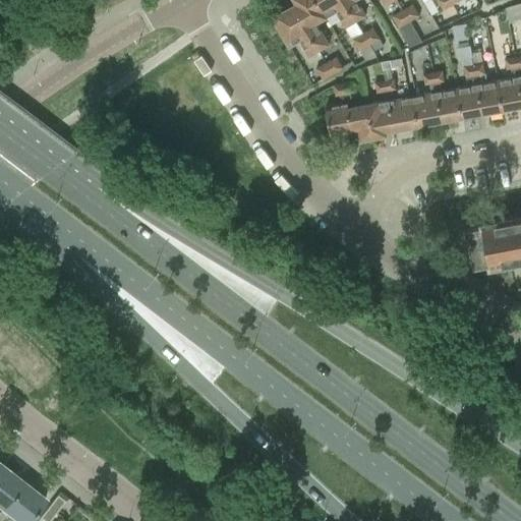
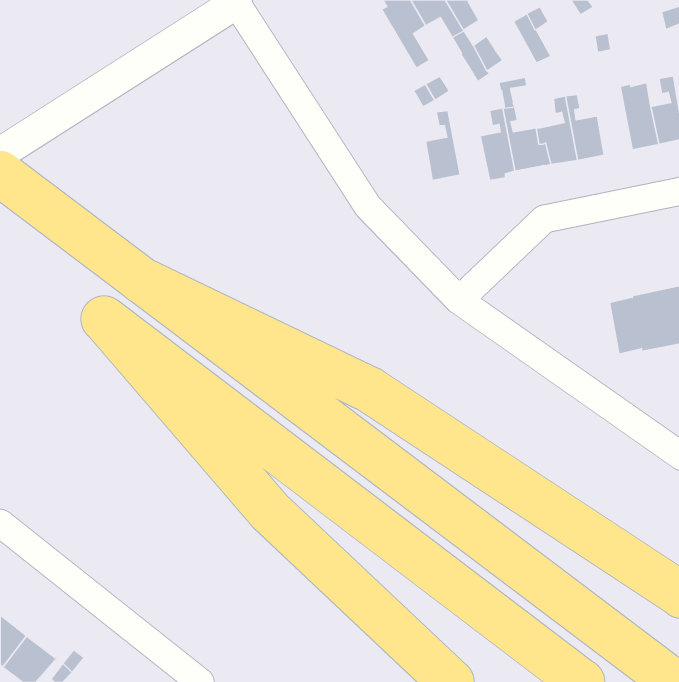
building: [273,7,320,58] -> none
building: [458,66,484,118] -> none
building: [344,82,375,140] -> none

